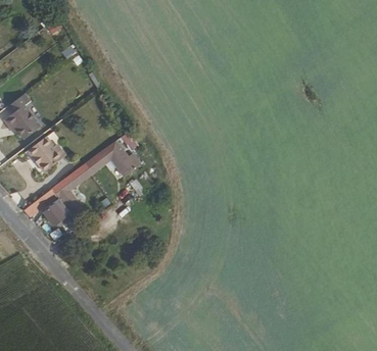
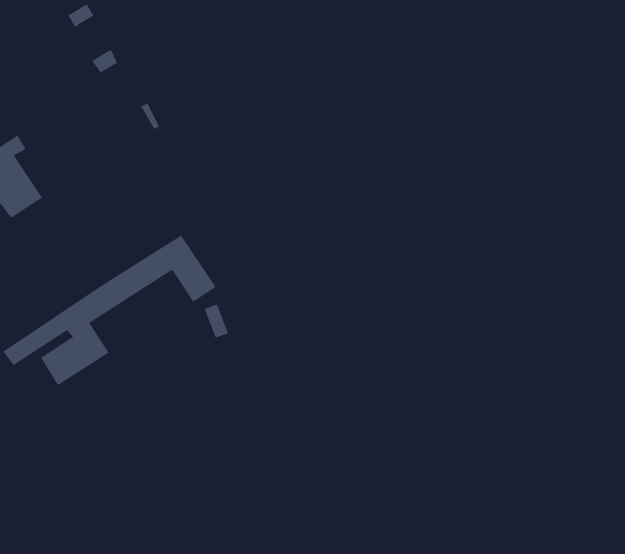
building: [26,136,64,171] -> none

